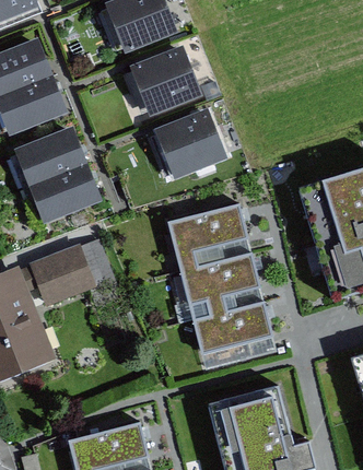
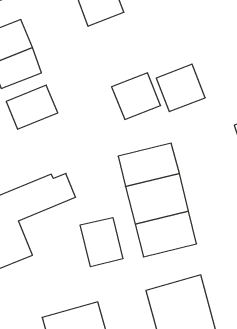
building: [133,50,199,114] -> [156,64,205,112]
building: [33,166,101,222] -> none
building: none -> [80,218,123,267]

